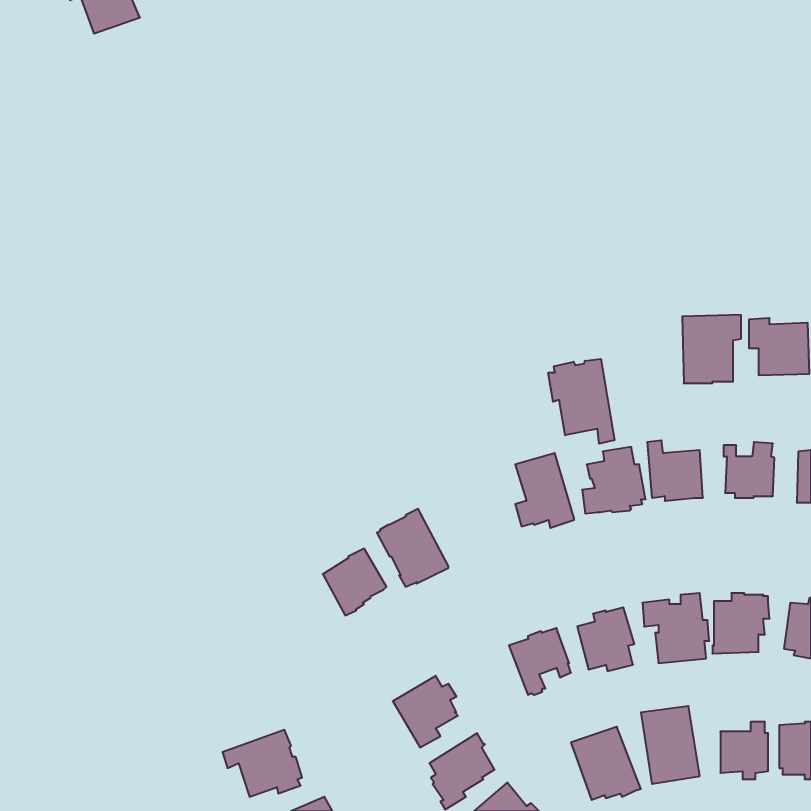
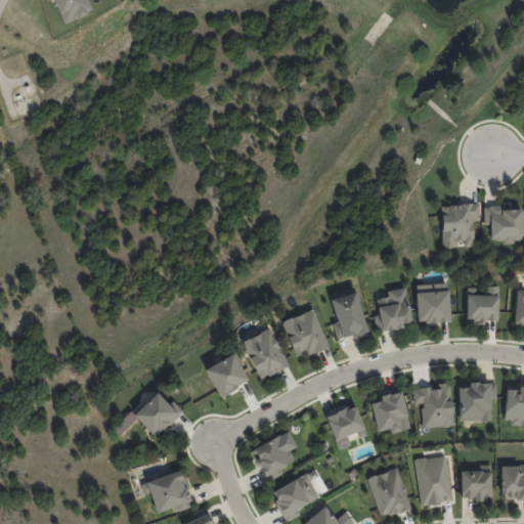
building: [548,359,614,444] -> none
building: none -> [282,308,330,355]
building: none -> [135,391,183,433]

